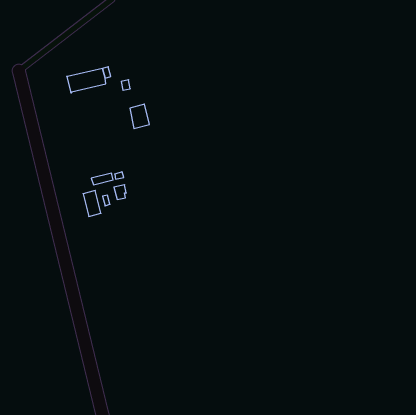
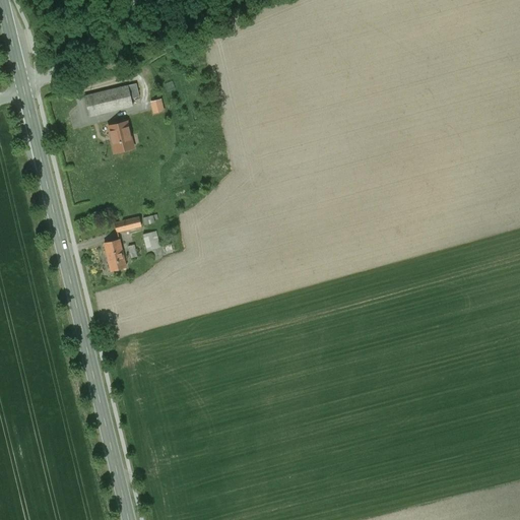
building: [130,104,149,129] -> [109,121,133,151]

